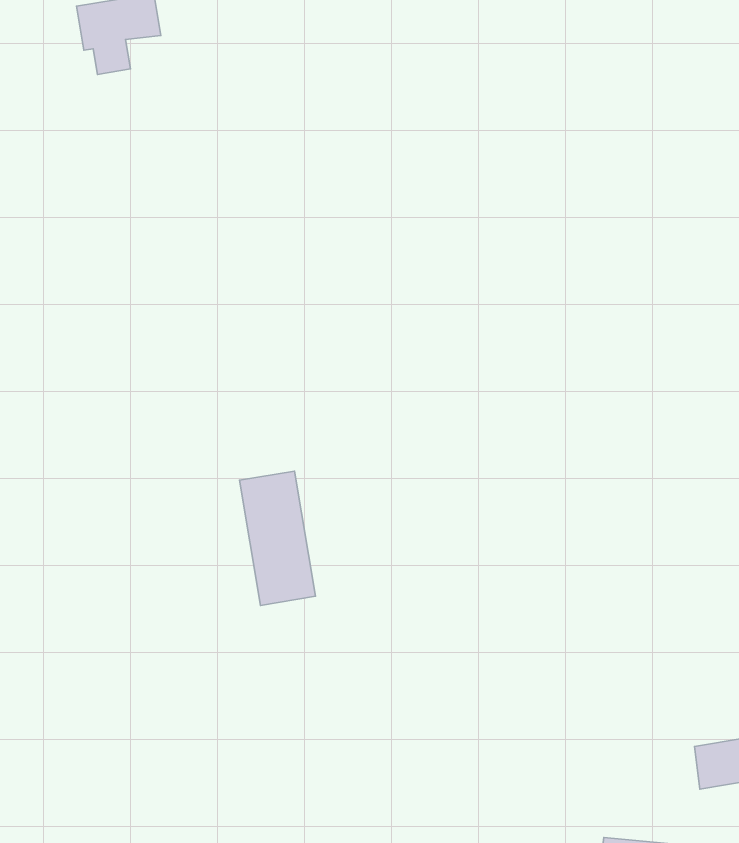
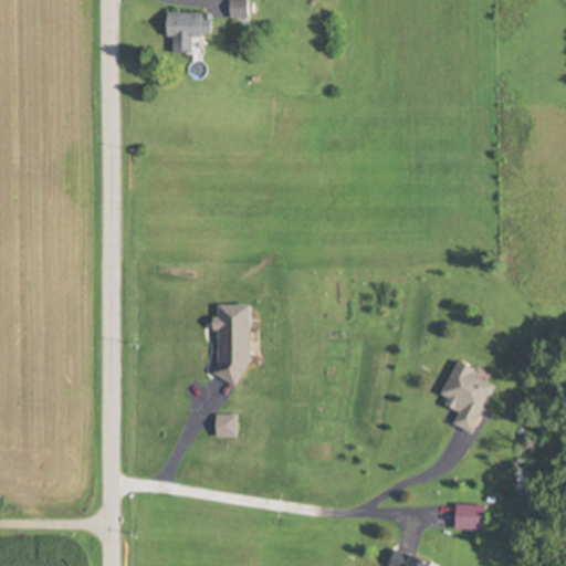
building: none -> [438,360,494,433]
building: none -> [214,415,235,437]

